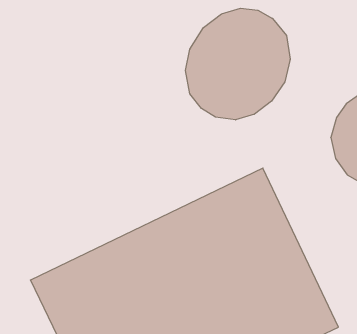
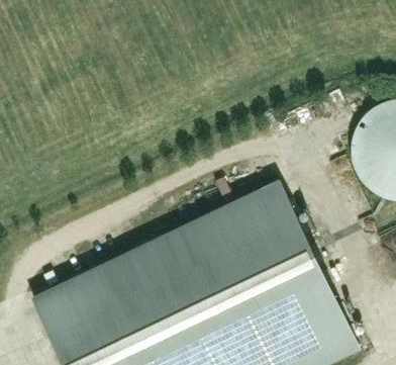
building: [185,8,290,120] -> none

